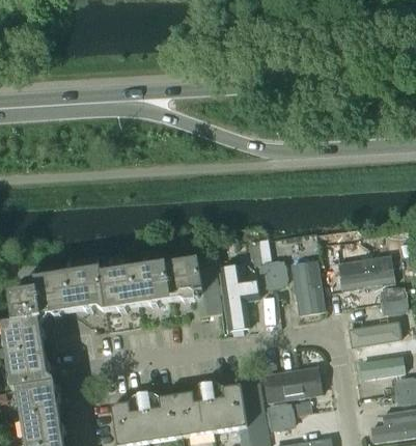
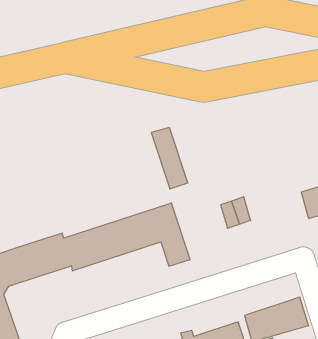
building: [301,260,328,316] -> none
building: [222,270,250,330] -> [151,128,188,189]

